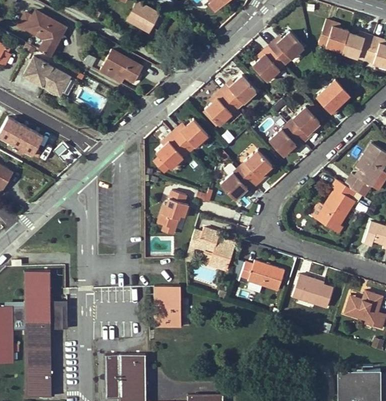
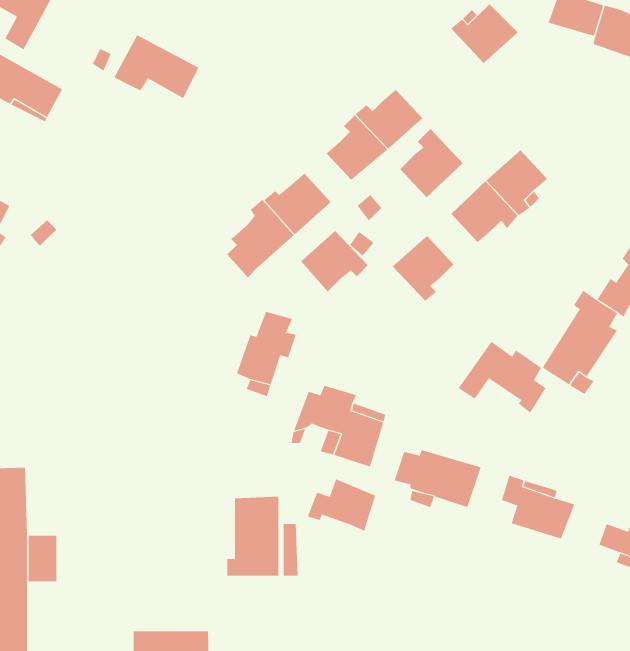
building: [253,46,286,82] -> [399,128,464,198]
building: [317,81,349,115] -> none
building: [221,168,256,200] -> [300,230,368,293]
building: none -> [458,341,546,413]
building: none -> [307,479,376,531]

